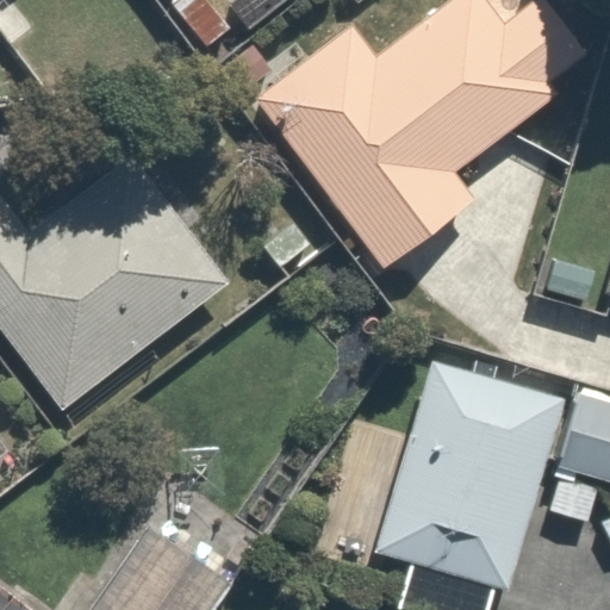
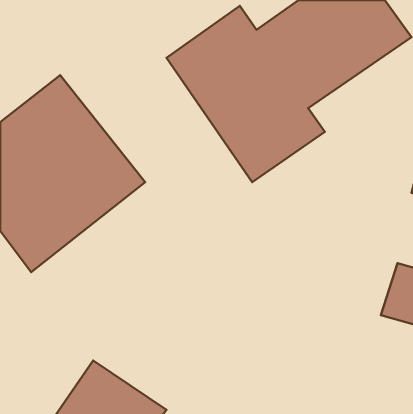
building: [337,366,561,589] -> none

